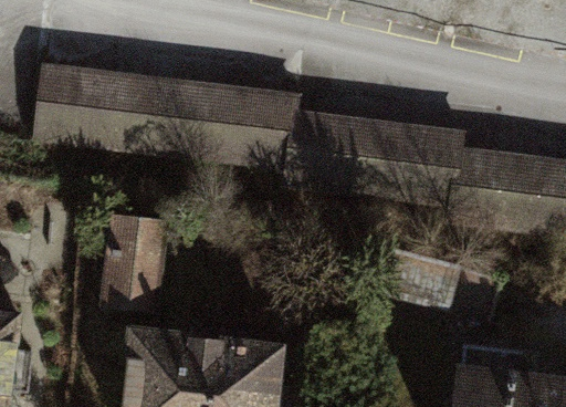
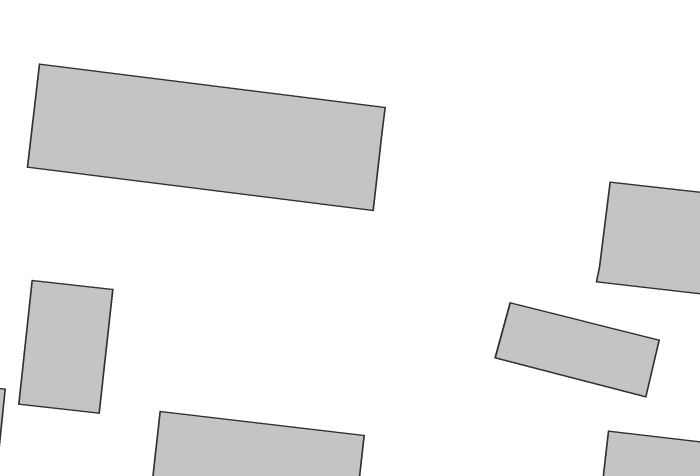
building: [287,117,469,218] -> none
building: [101,209,170,307] -> [19,280,113,413]

